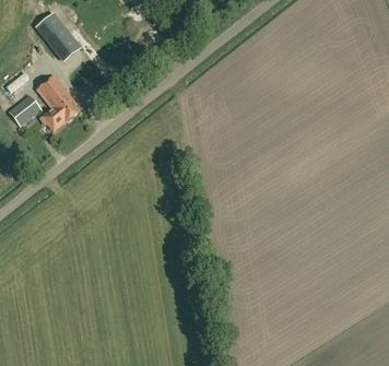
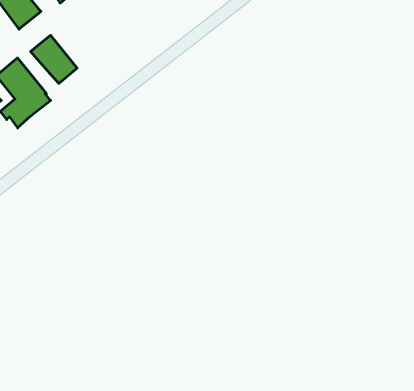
building: none -> [31,35,77,83]

